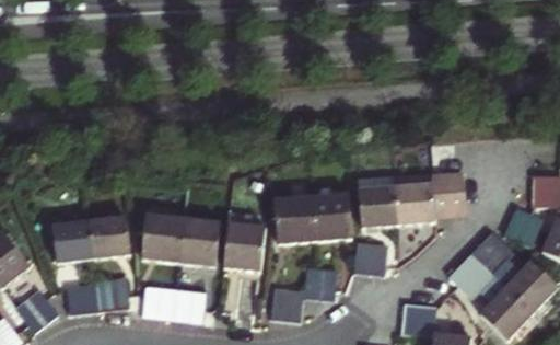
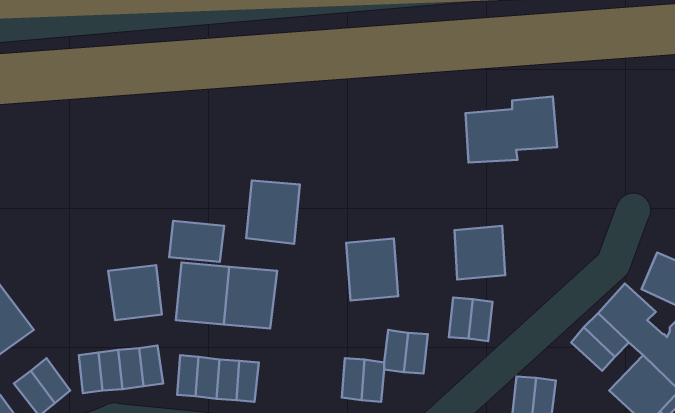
building: [395,172,466,223] -> [466,96,557,163]
building: none -> [169,221,224,262]
building: [311,193,351,240] -> none
building: [52,220,94,263] -> none
building: [223,221,265,271] -> [246,180,300,244]

